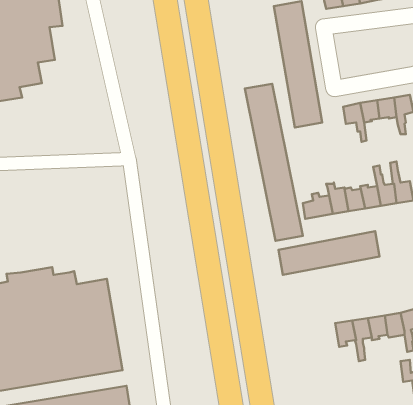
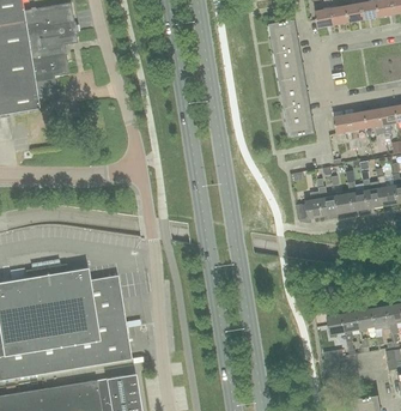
building: [245,84,303,241] -> none
building: [278,231,379,275] -> none

